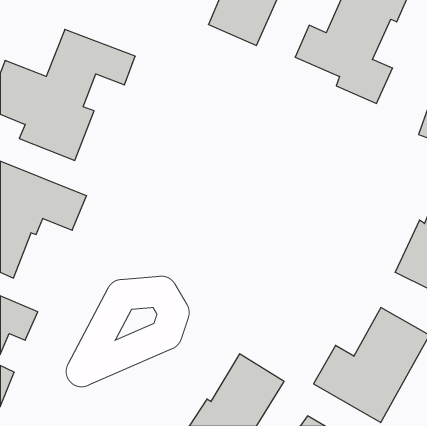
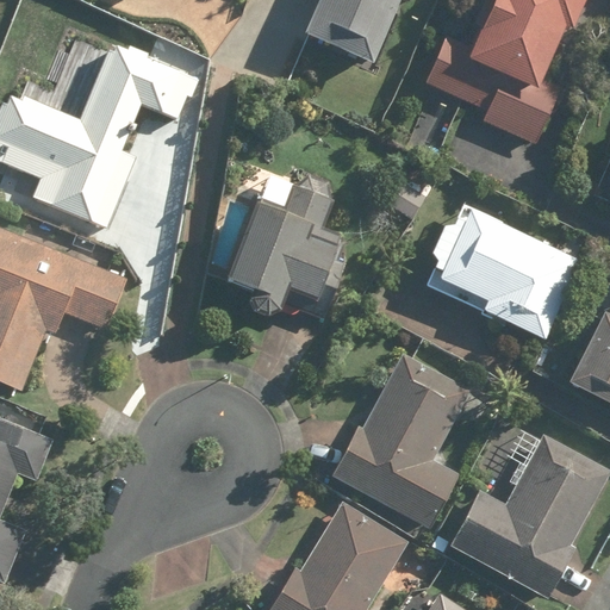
building: none -> [222,172,344,317]
building: none -> [431,211,578,343]
building: none -> [332,351,471,527]

